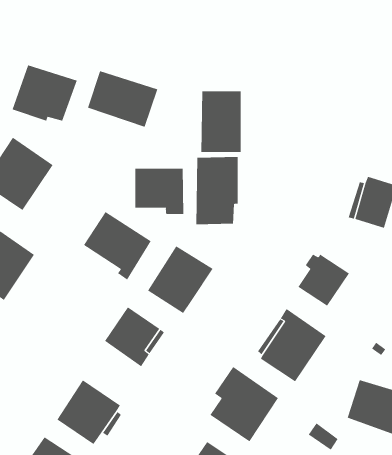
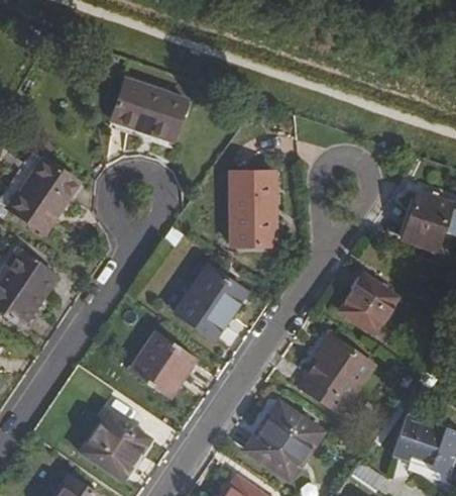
building: [12,64,77,122] -> none
building: [201,90,241,153] -> none
building: [135,168,184,215] -> none
building: [83,211,152,280] -> none

